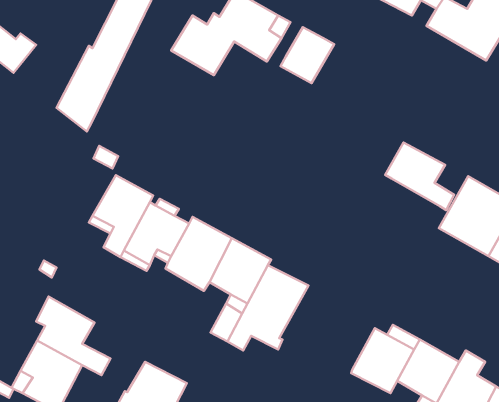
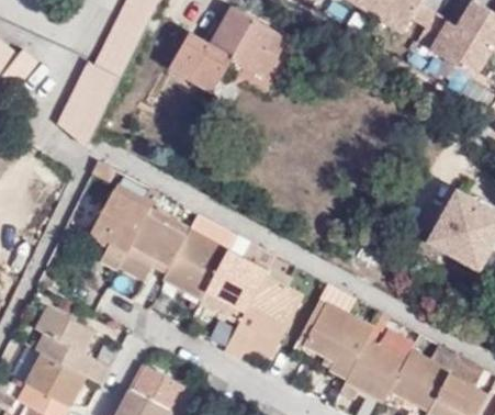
building: [280,27,334,83] -> none
building: [385,142,454,210] -> none
building: none -> [297,299,372,378]

